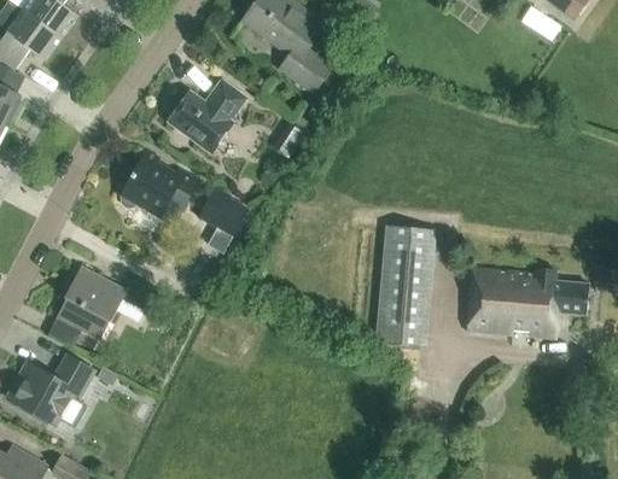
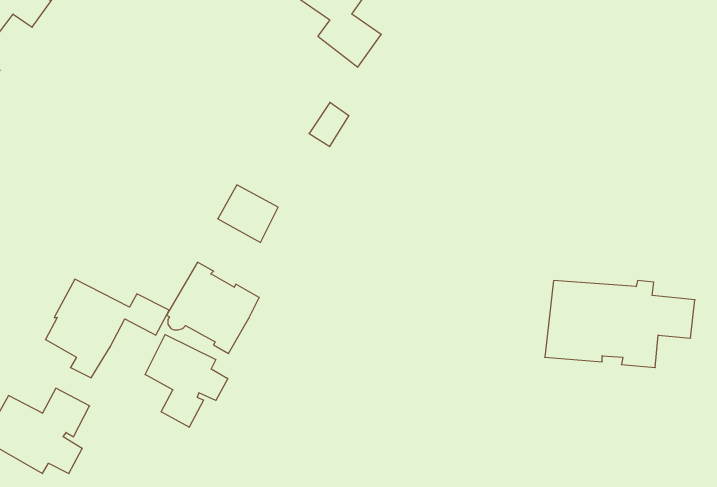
building: [168,81,244,151] -> none
building: [119,151,196,226] -> [166,262,259,354]
building: [373,224,435,346] -> none
building: none -> [145,335,228,427]

